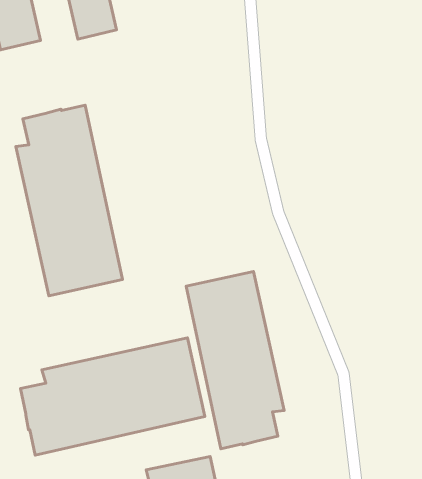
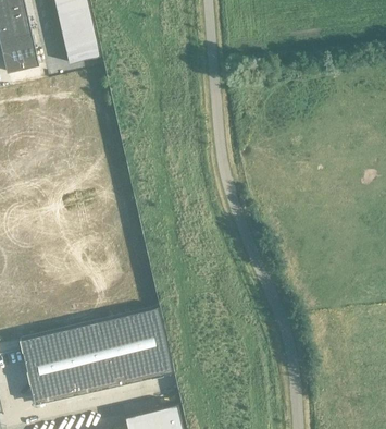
building: [16,105,122,296] -> none
building: [186,271,284,449] -> none

